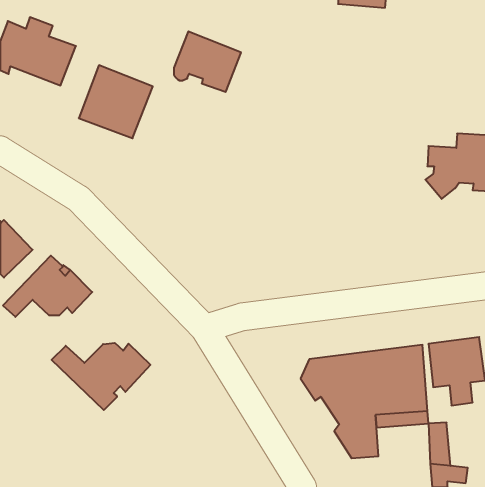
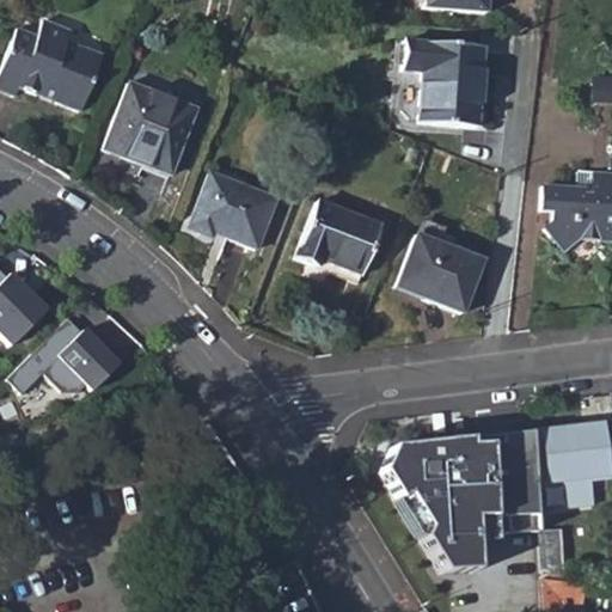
building: [174,31,241,92] -> [195,170,279,245]
building: none -> [404,39,483,124]
building: none -> [298,197,382,279]
building: none -> [397,233,484,312]
building: [52,343,150,410] -> none

